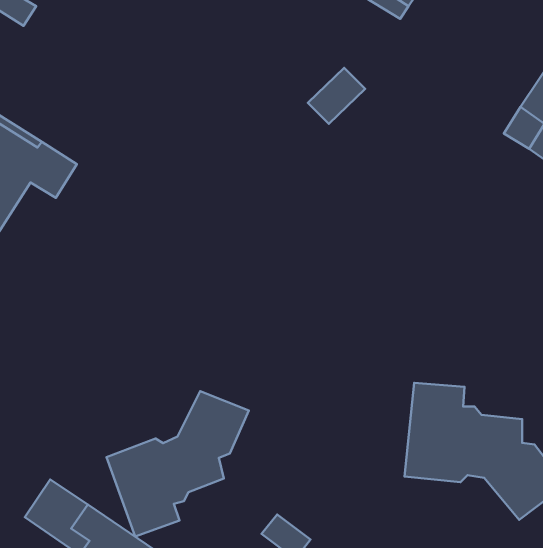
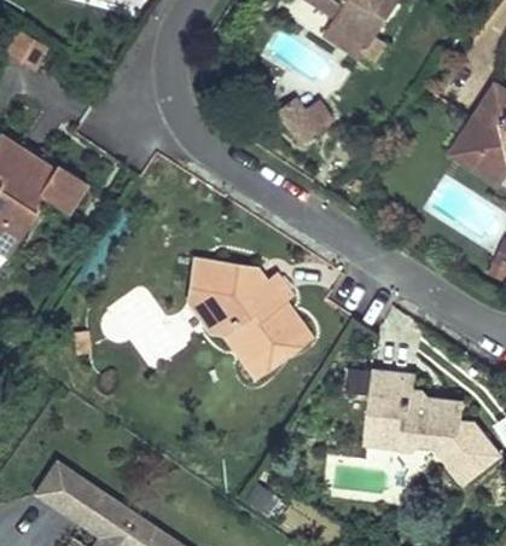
building: none -> [186,259,314,383]
building: [107,391,249,537] -> none

